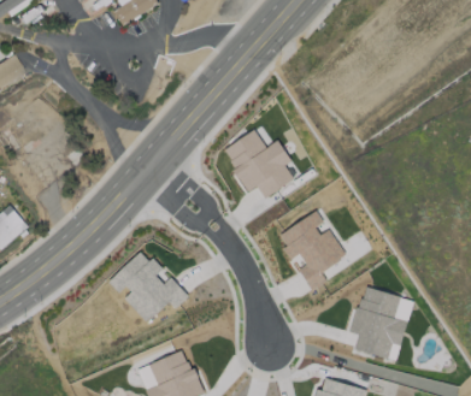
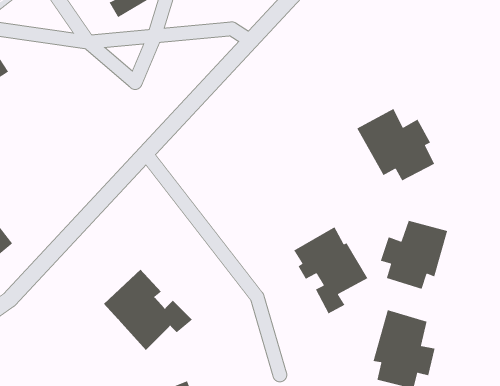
building: [223,130,294,196] -> [356,108,435,182]
building: none -> [380,220,448,290]

